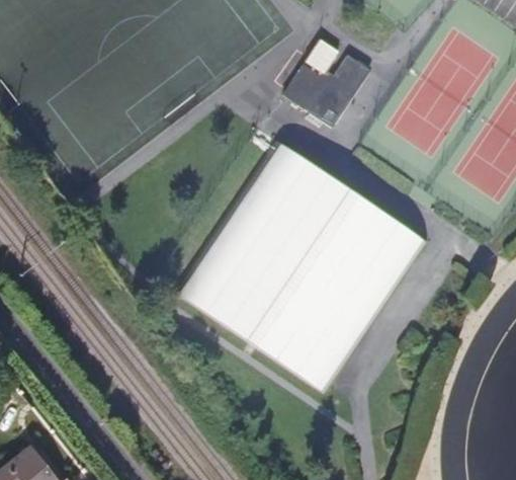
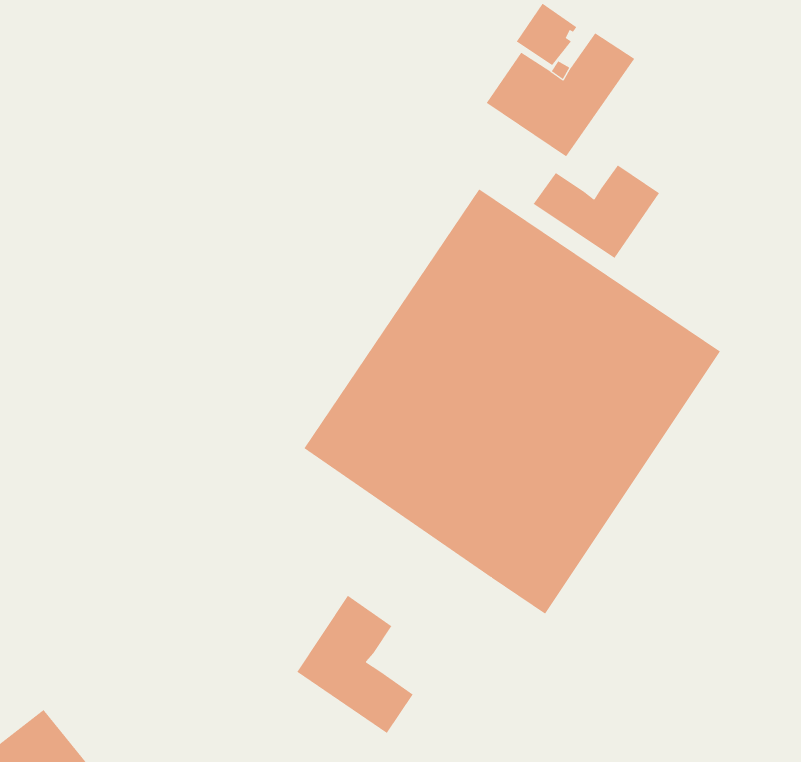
building: none -> [533,165,660,259]
building: none -> [296,595,413,734]

